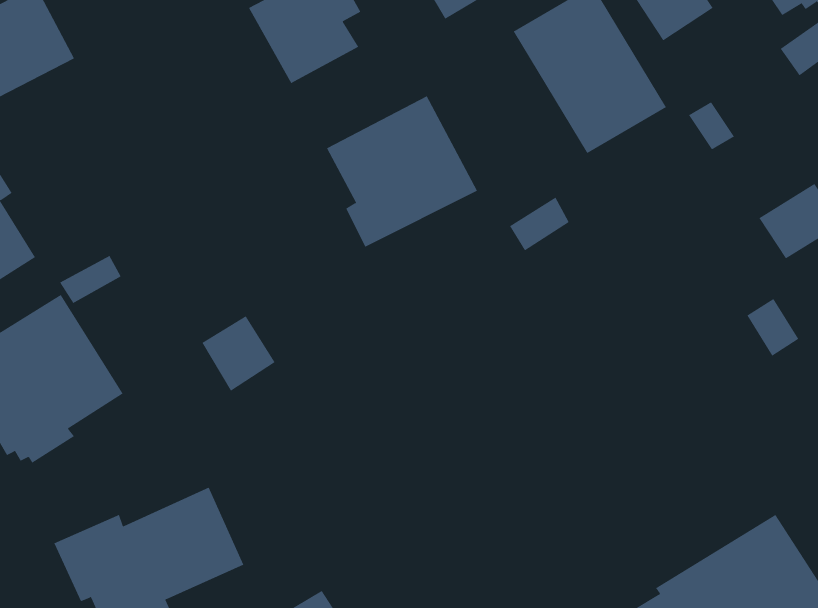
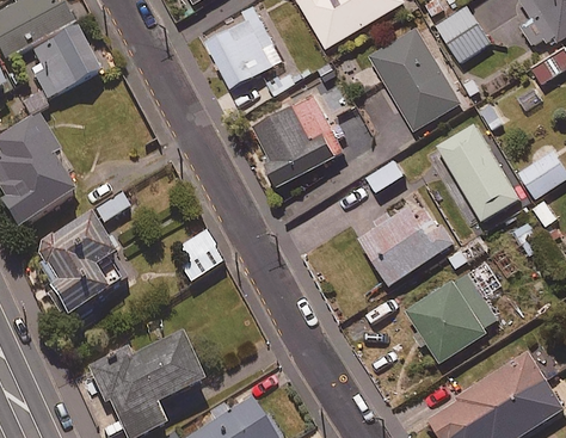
building: none -> [436,123,519,222]
building: none -> [359,204,456,285]
building: none -> [405,263,500,363]

